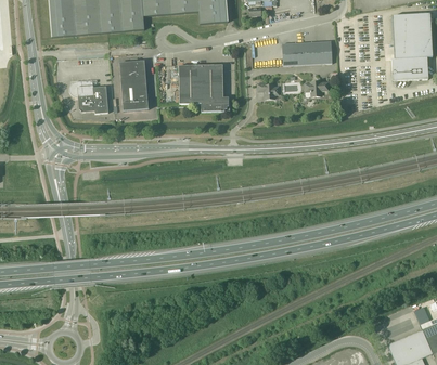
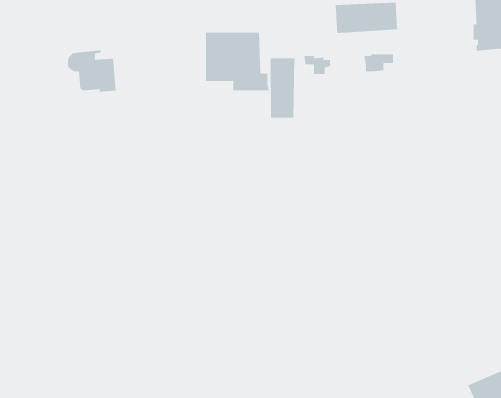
building: [119,60,147,110] -> none
building: none -> [270,58,295,119]

